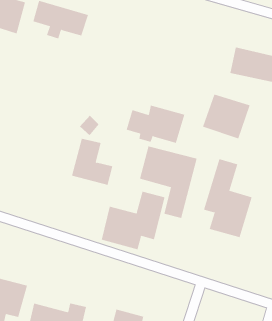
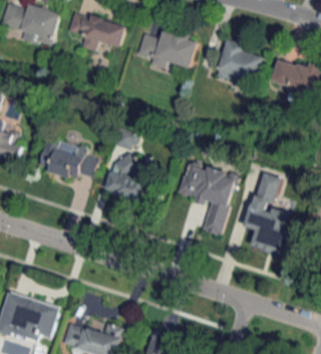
building: [202,94,251,139] -> [215,40,265,87]
building: [126,105,185,144] -> [136,28,198,68]
building: none -> [38,138,97,181]
building: [101,191,165,250] -> none

